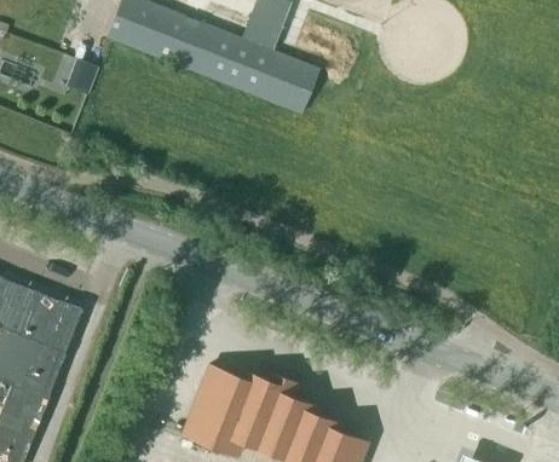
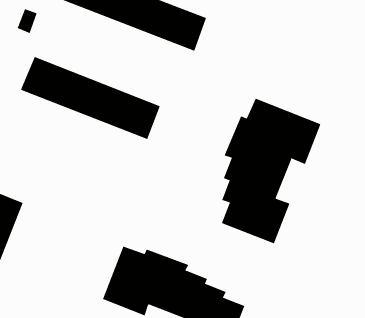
building: none -> [20,56,160,140]
building: none -> [221,98,321,244]

